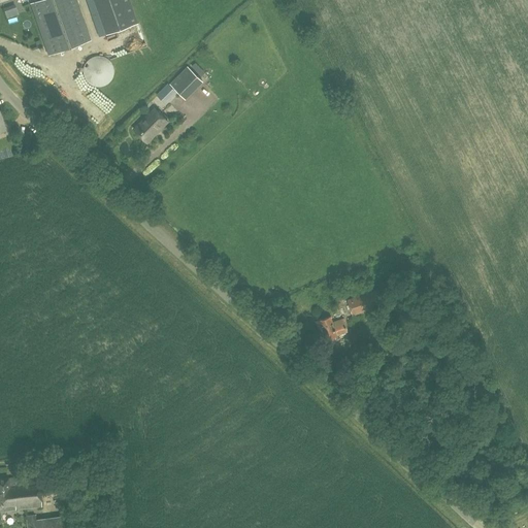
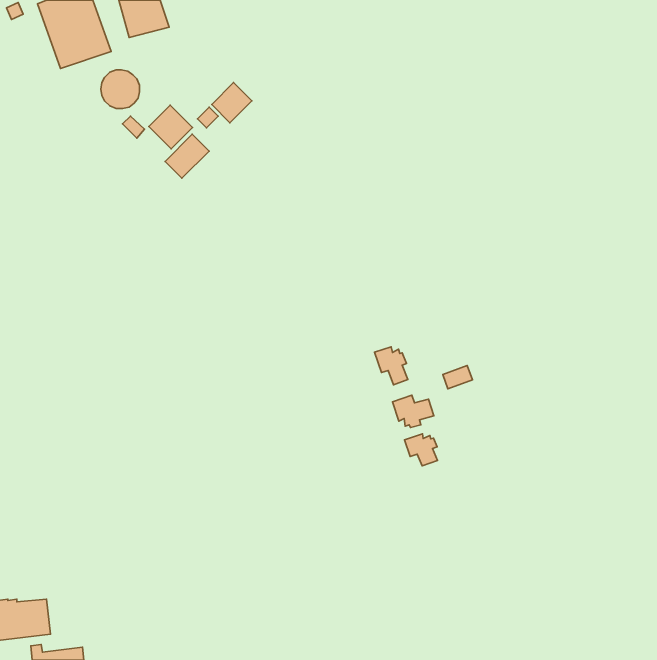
building: none -> [149,105,193,149]
building: none -> [375,347,408,385]
building: none -> [405,434,437,466]

